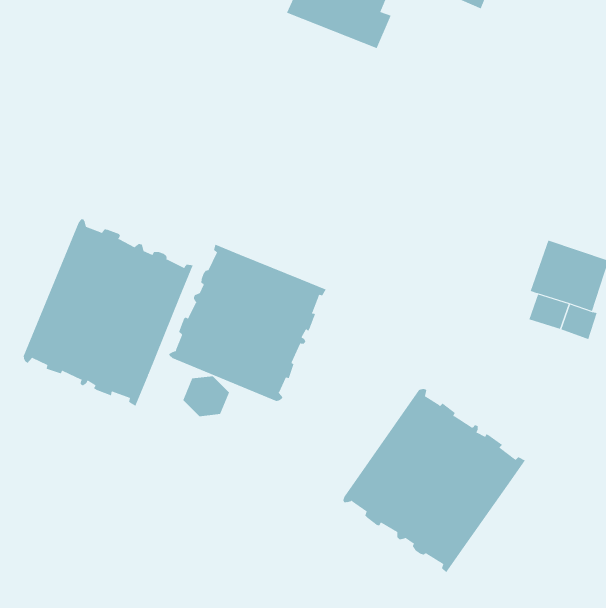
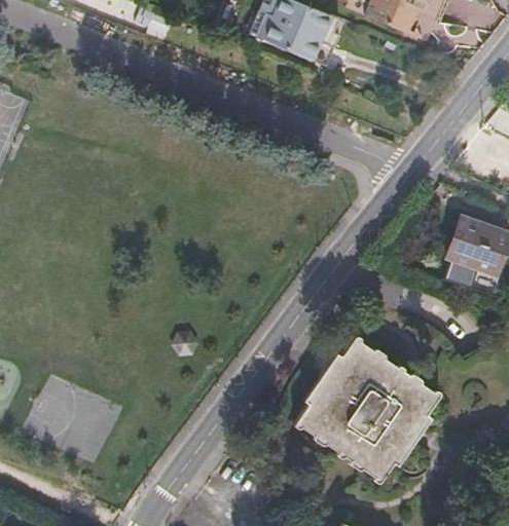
building: [23,218,193,407] -> none
building: [169,244,327,402] -> none

